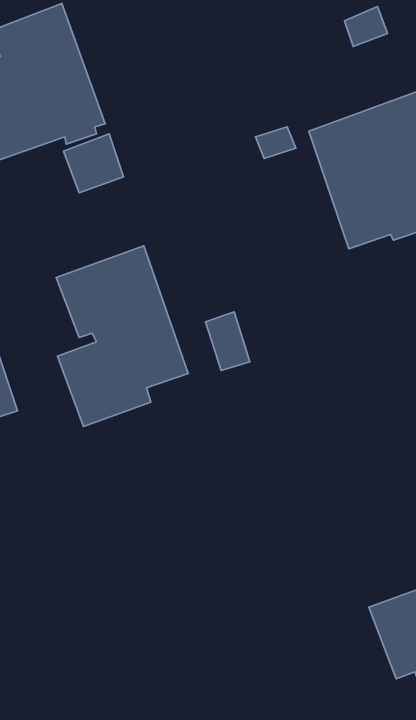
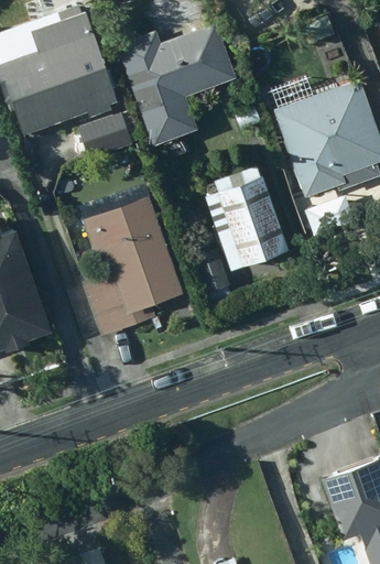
building: none -> [116,23,235,148]
building: none -> [205,165,289,272]

